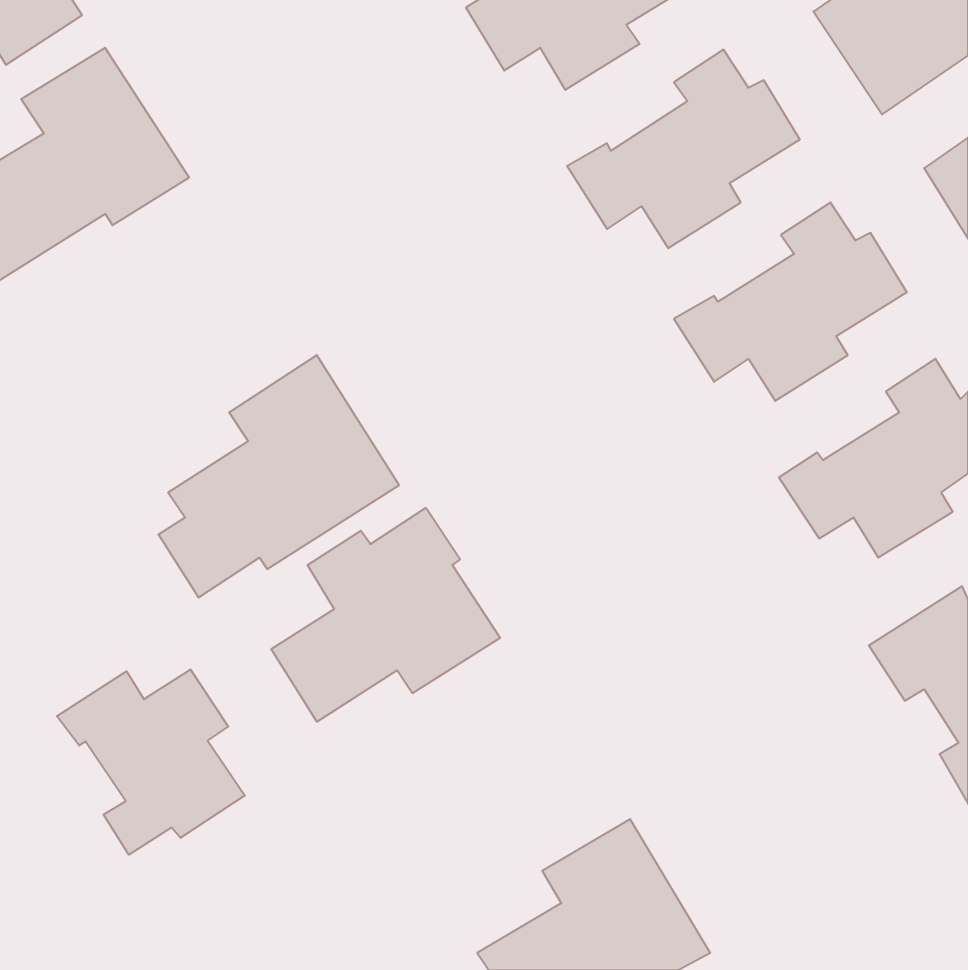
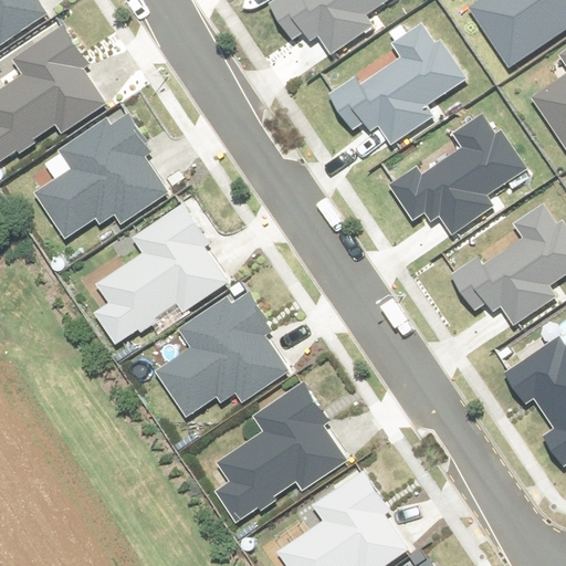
building: none -> [33,114,167,238]
building: none -> [216,387,344,518]
building: [57,669,245,855] -> none

